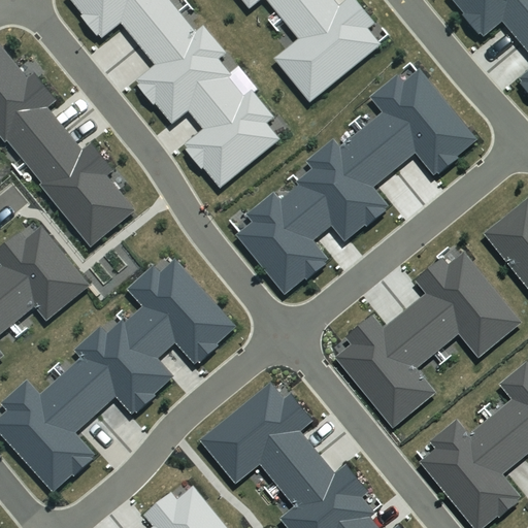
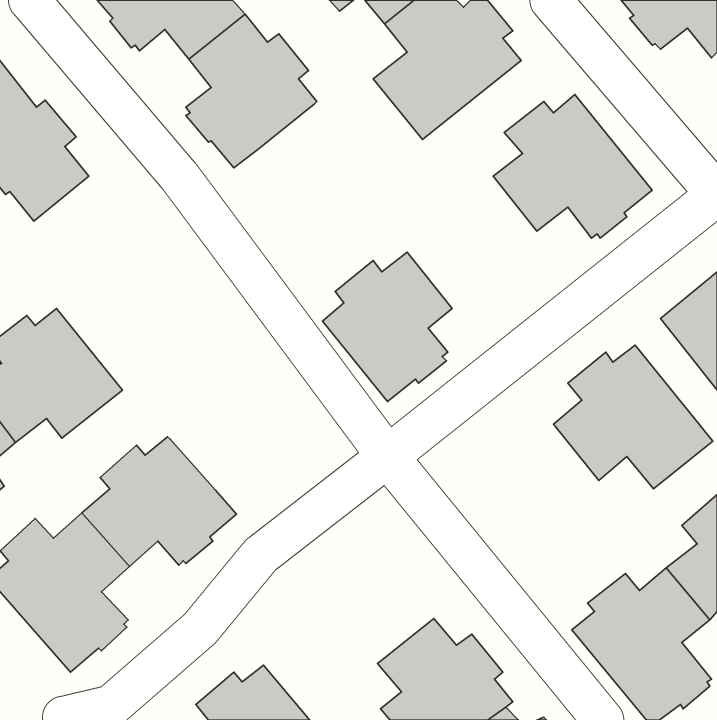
building: [185,76,280,188] -> none
building: [25,129,135,246] -> none
building: [295,129,393,240] -> none
building: [125,259,236,364] -> none
building: [333,310,438,429] -> none
building: [200,384,318,486] -> none

